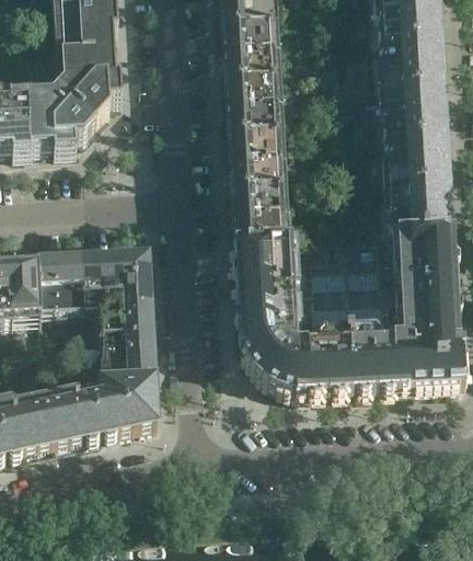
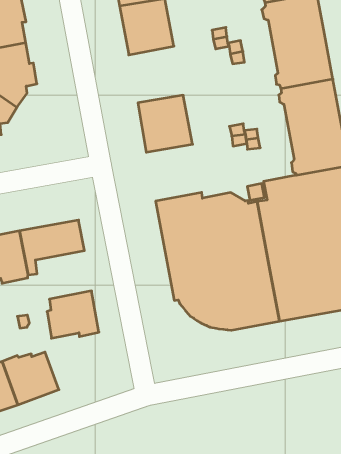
building: [227,75,280,131] -> none
building: [232,184,290,241] -> none
building: [96,285,153,333] -> none
building: [94,374,159,433] -> none

